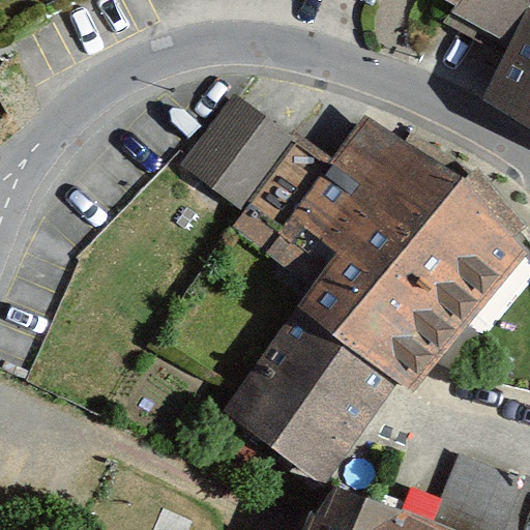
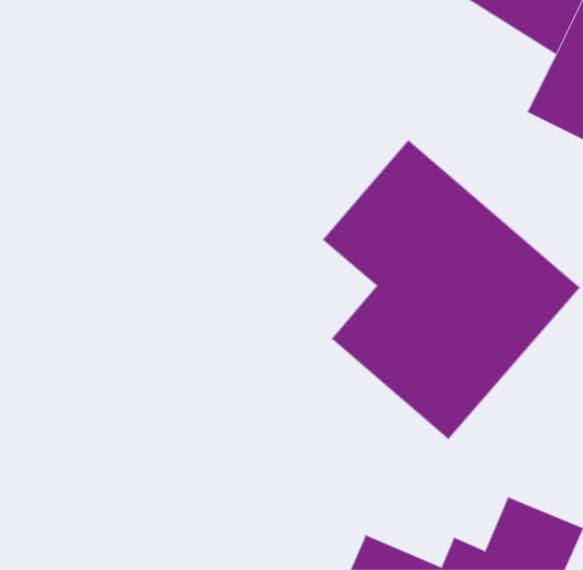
building: [177,94,290,208] -> none
building: [232,304,385,472] -> none

